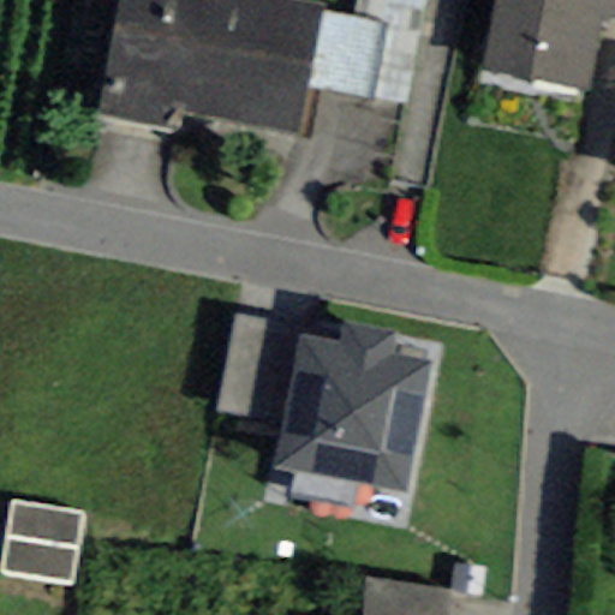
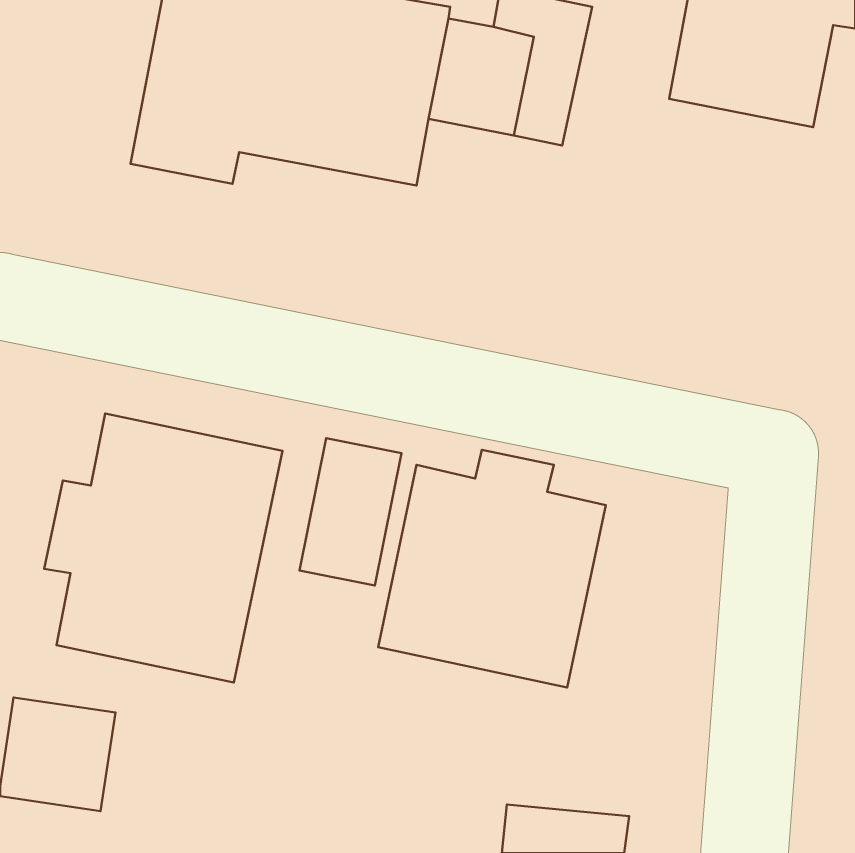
building: none -> [44,413,282,683]

